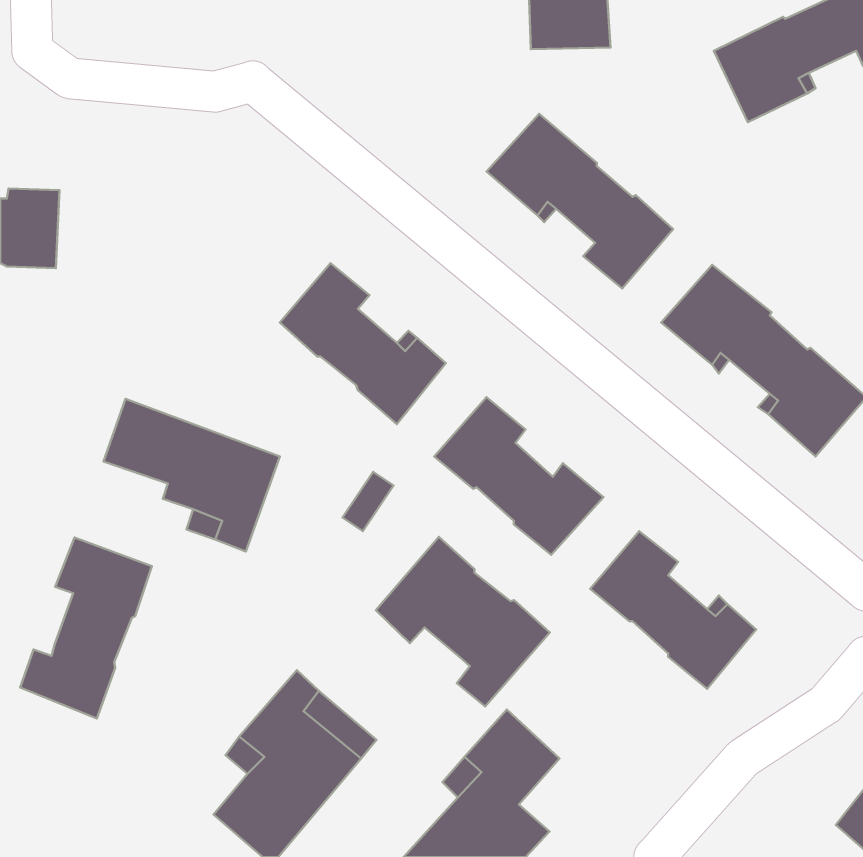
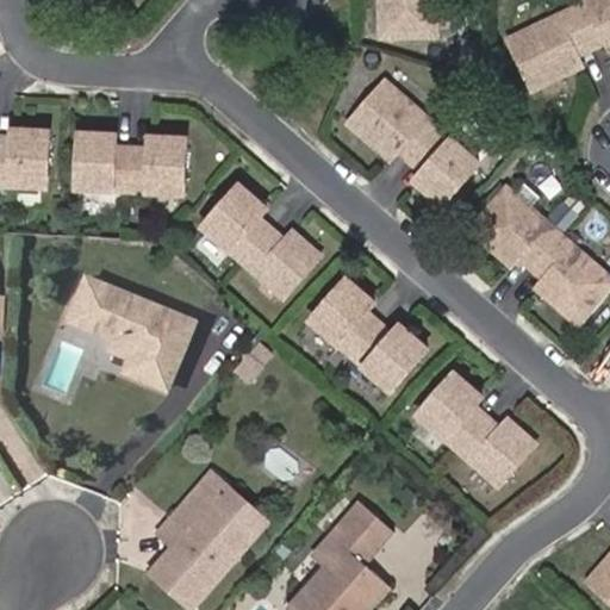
building: none -> [73,135,181,194]
building: [376,537,550,707] -> none
building: [20,538,152,718] -> none

